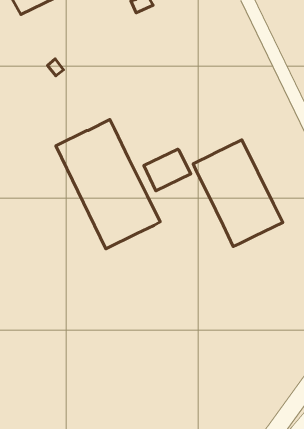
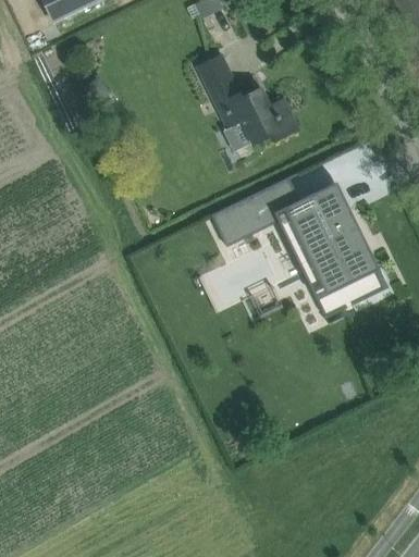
building: none -> [196,53,297,144]
building: [56,120,160,249] -> none

